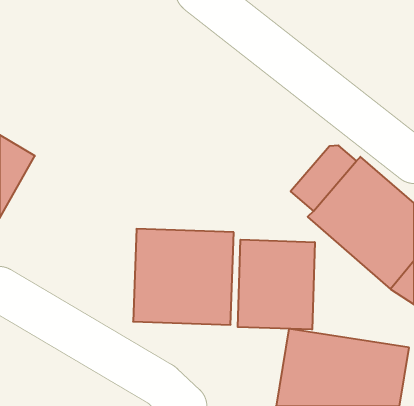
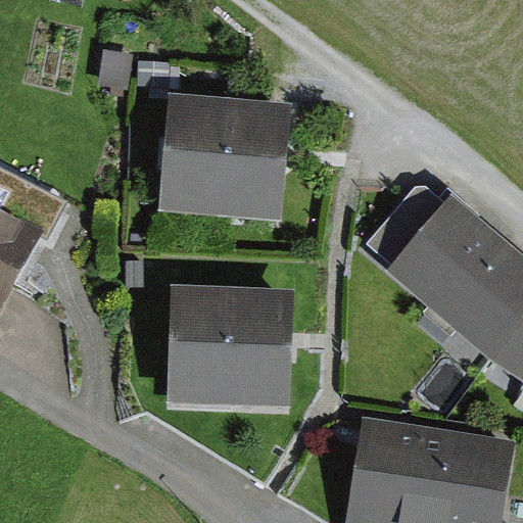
building: none -> [161,96,292,223]
building: [238,240,315,330] -> none

